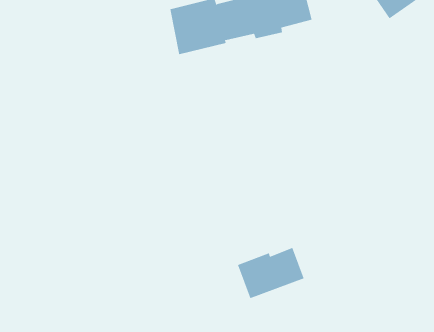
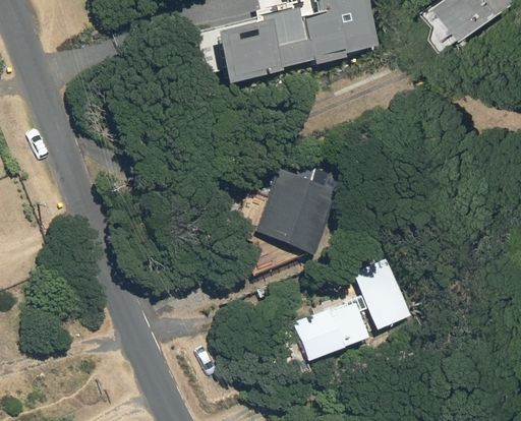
building: none -> [254,170,338,253]
building: none -> [357,259,412,326]

